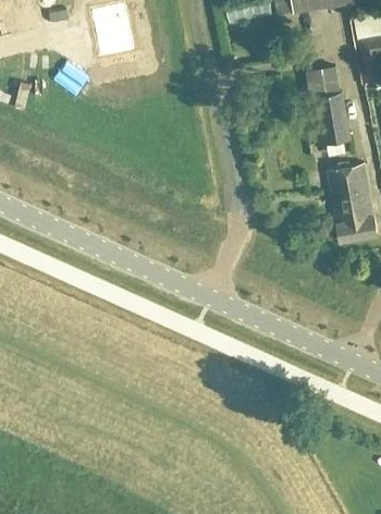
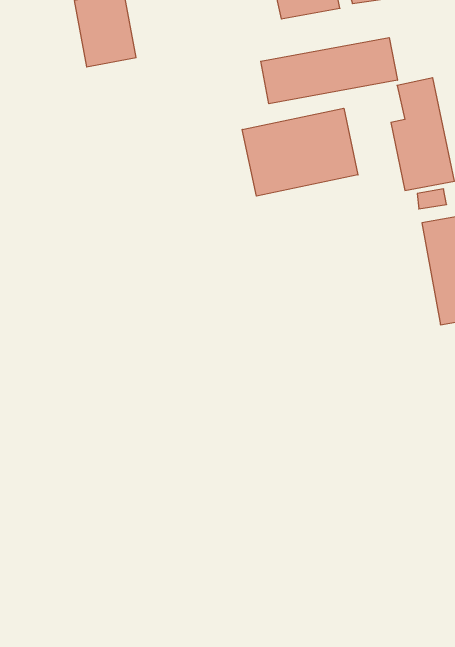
building: none -> [261,38,397,104]
building: none -> [242,108,358,196]

